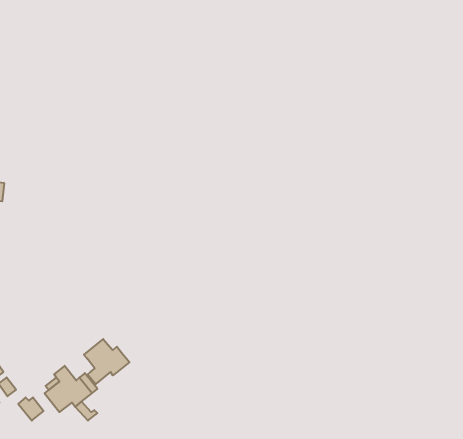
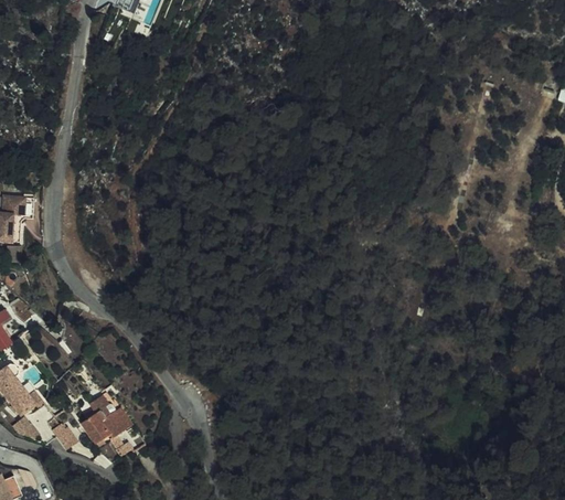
building: [84,339,129,384] -> none

